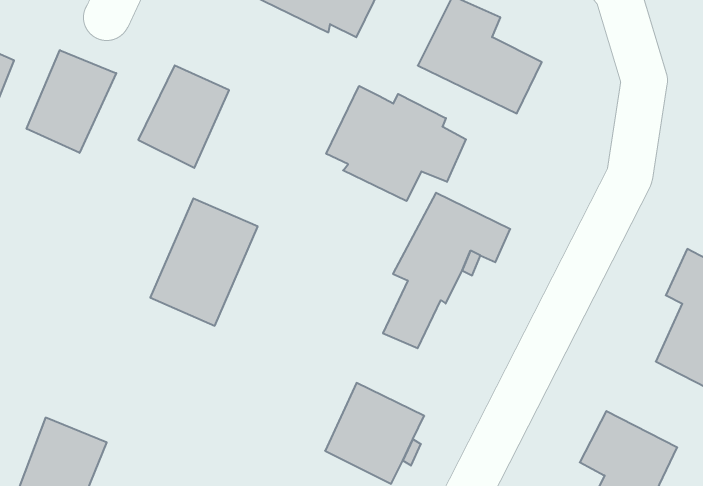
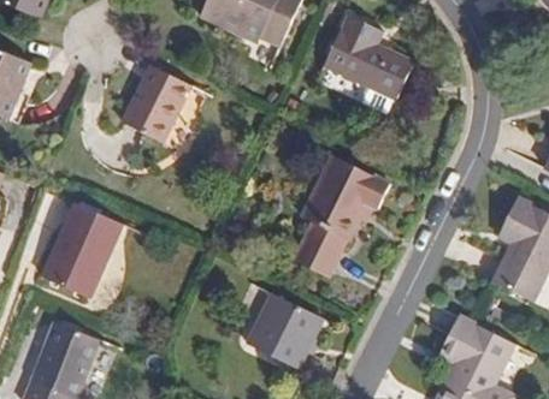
building: [27,50,116,153] -> none
building: [326,86,466,201] -> none
building: [150,198,258,326] -> [41,203,119,296]

